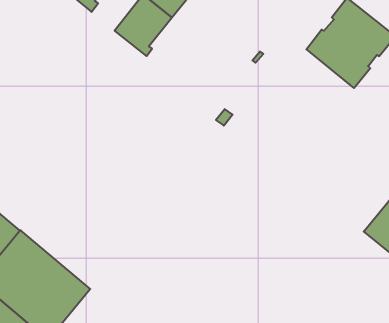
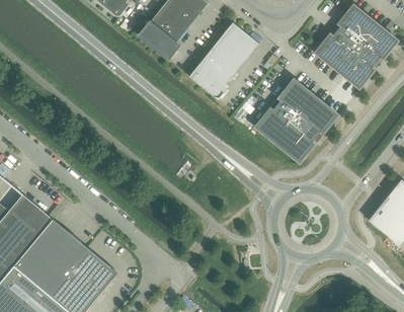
building: none -> [188,21,258,99]
building: none -> [255,78,337,161]

